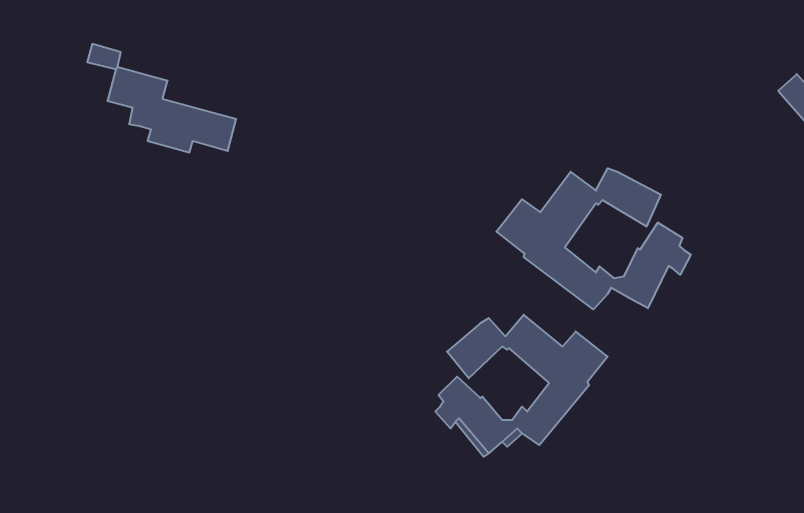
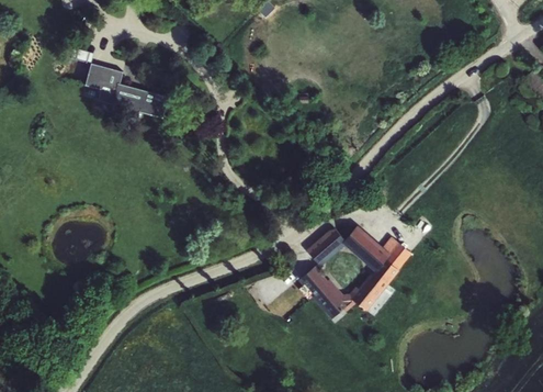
building: [496,168,691,309] -> none

